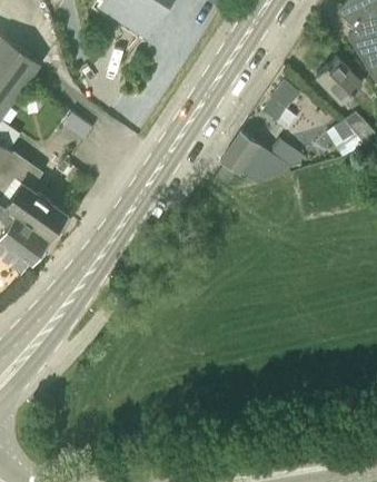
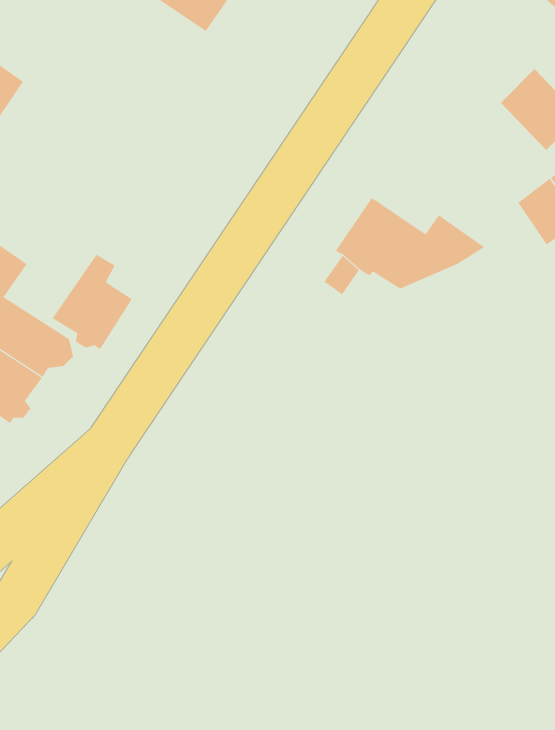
building: [261,81,299,121] -> none
building: none -> [52,254,132,350]

